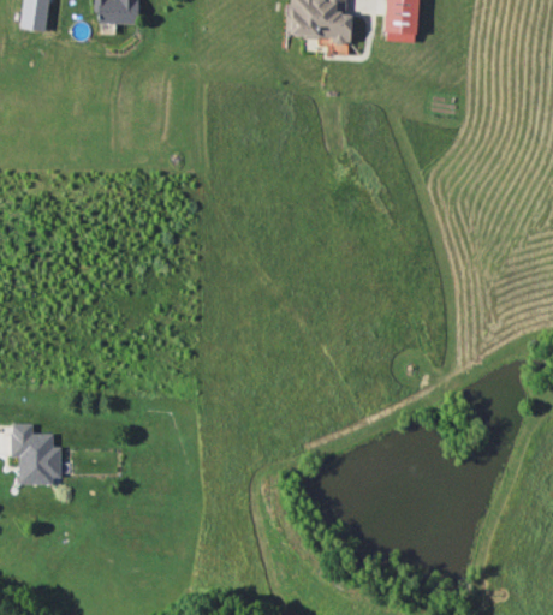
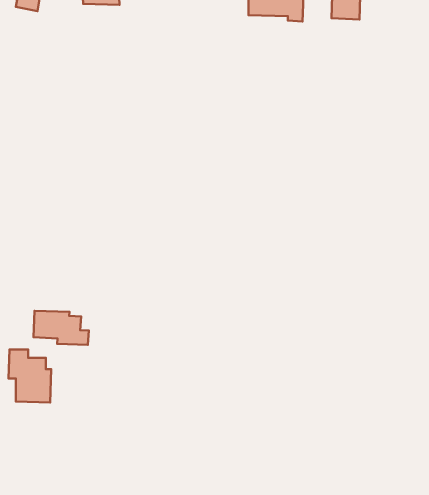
building: none -> [34,311,89,345]

